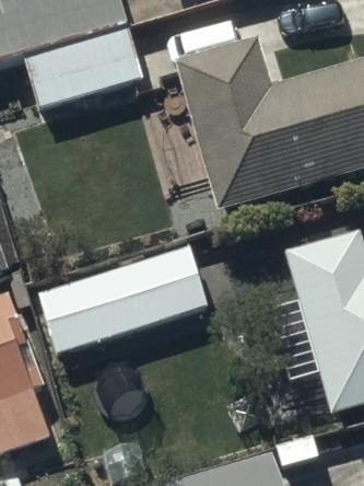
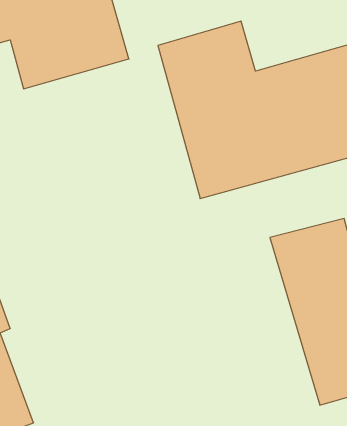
building: [39,245,208,354] -> none

